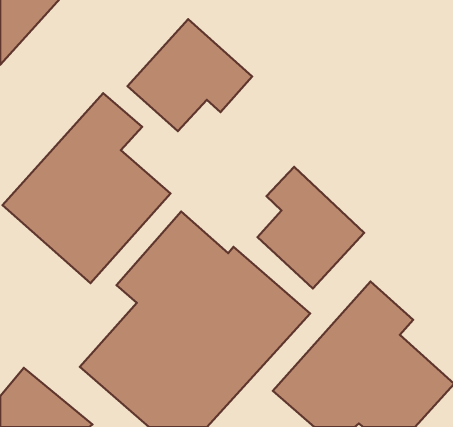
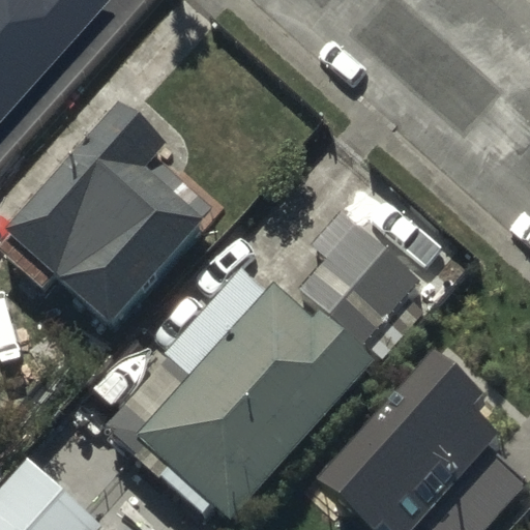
building: [128,19,252,131] -> none

